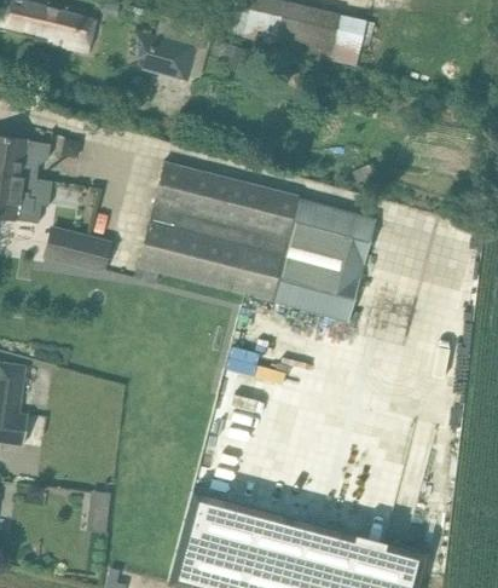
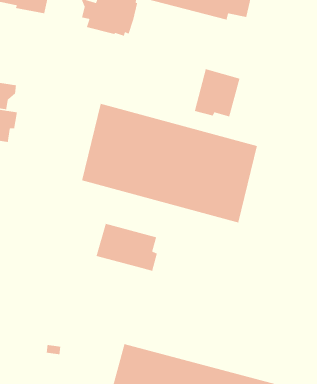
building: none -> [194,68,241,118]
building: [44,225,112,275] -> none
building: none -> [96,223,158,272]

